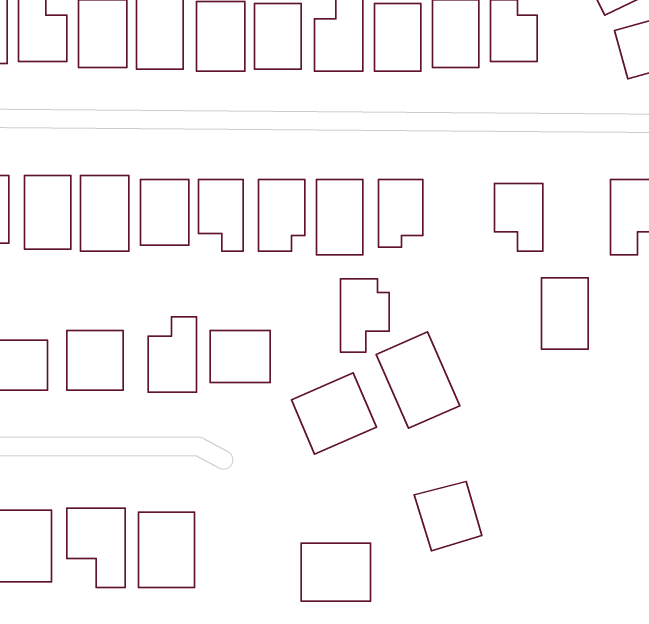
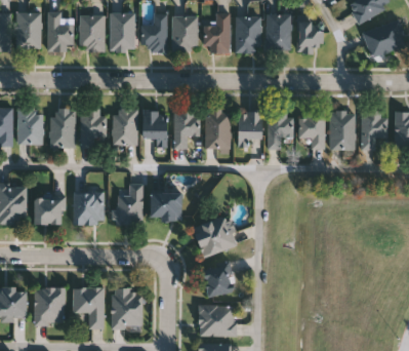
building: [542,278,588,349] -> [329,113,354,151]
building: [341,279,389,352] -> [268,111,293,150]
building: [376,332,460,428] -> none
building: [414,481,482,551] -> [199,261,235,298]

